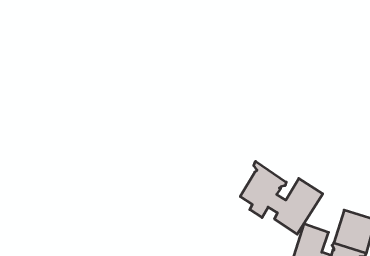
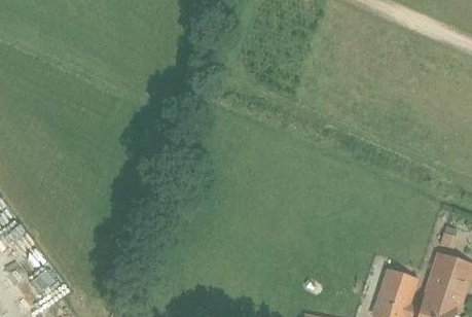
building: [240,161,323,234] -> none

